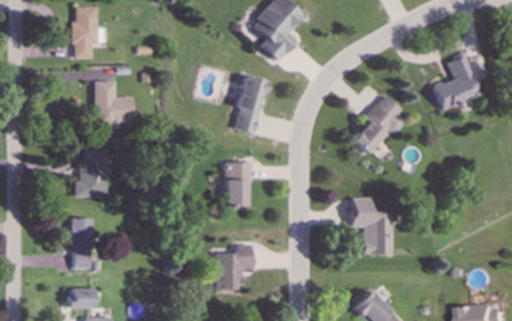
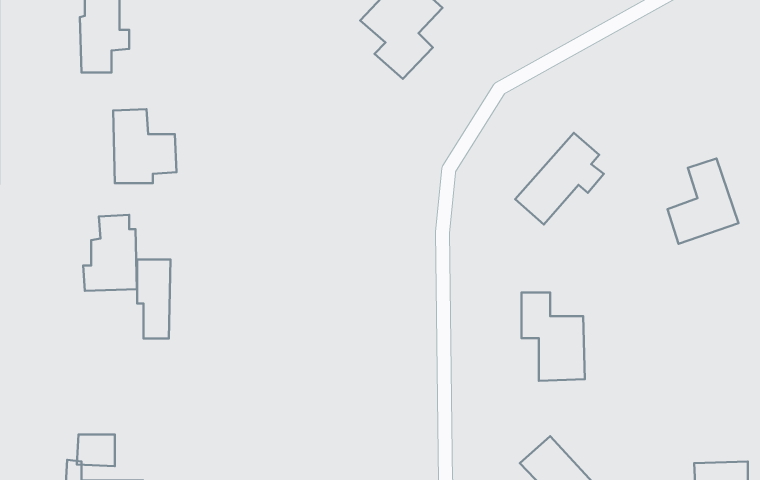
building: [434,53,479,108] -> [667,158,739,244]
building: [235,76,266,133] -> none
building: [225,162,250,206] -> none
building: [70,217,92,268] -> [137,259,170,338]
building: [214,244,253,290] -> none

